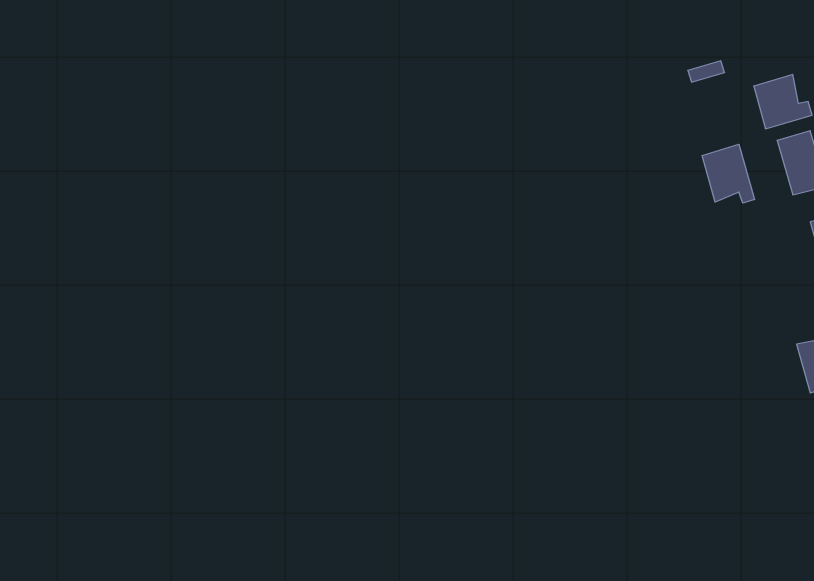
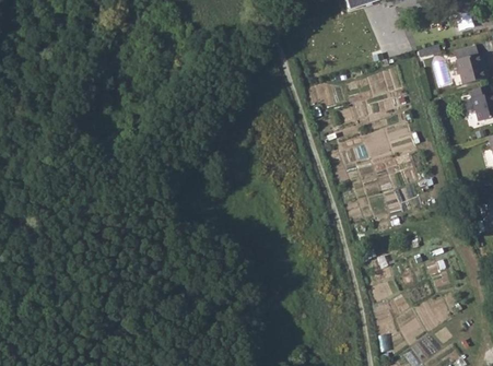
building: [702,144,755,203] -> none

